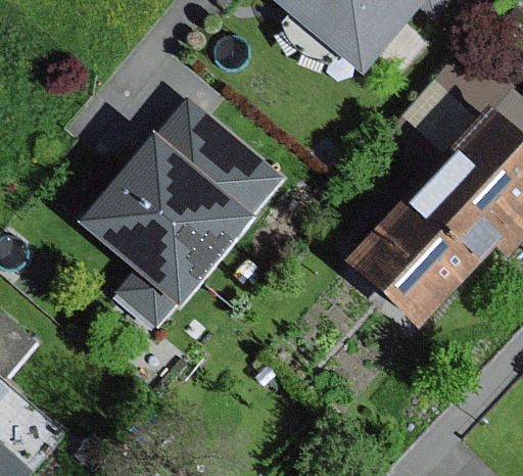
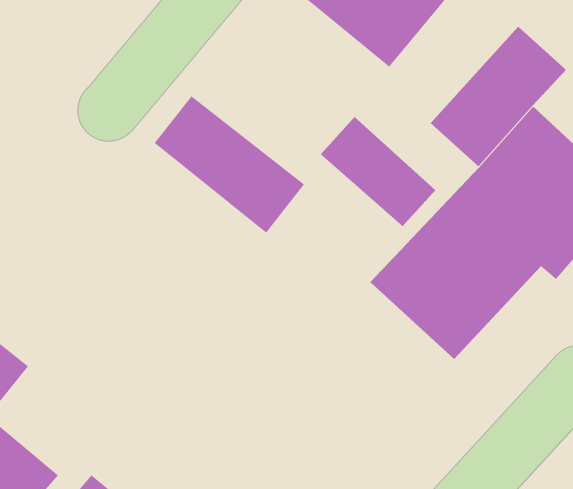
building: none -> [320,116,436,227]
building: [82,140,251,307] -> none

